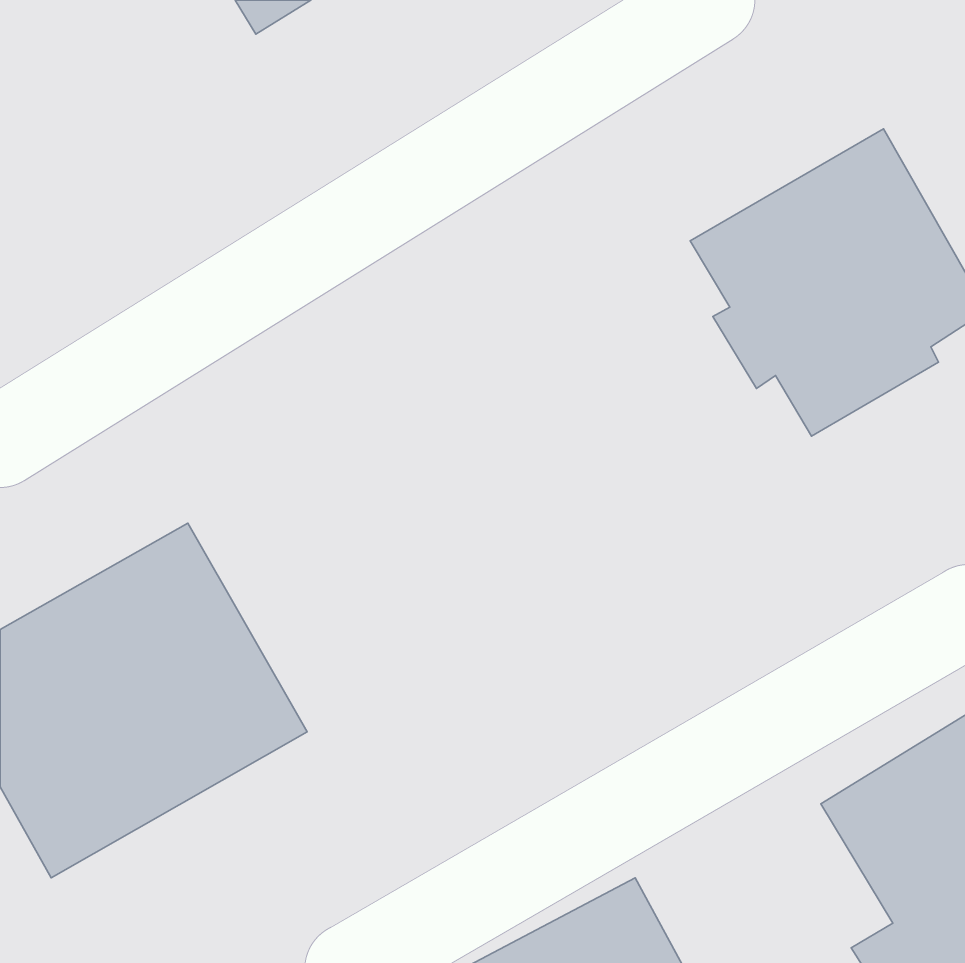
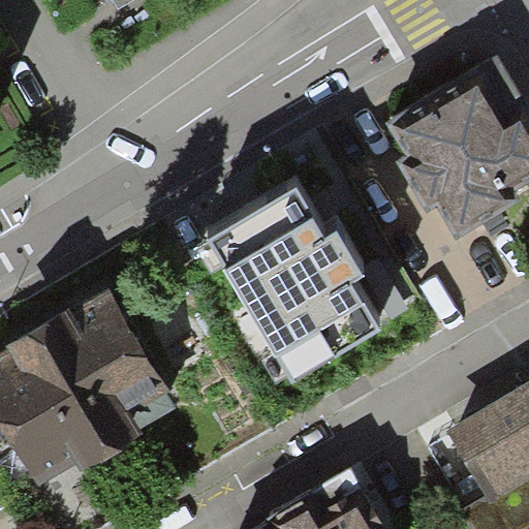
building: none -> [213,182,384,374]

